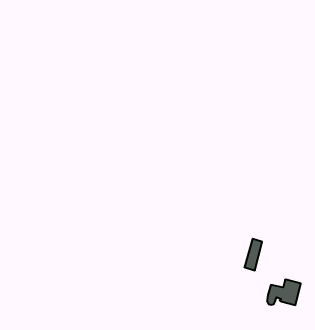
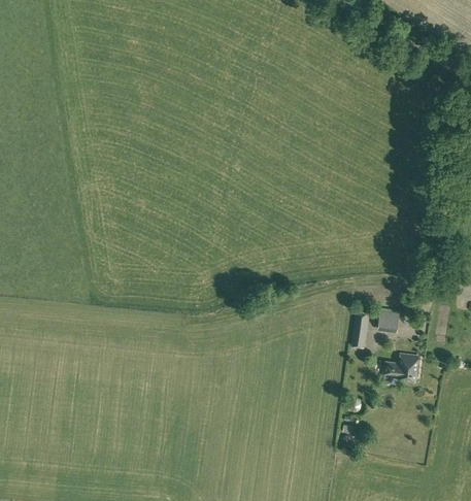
building: none -> [379,309,401,332]

